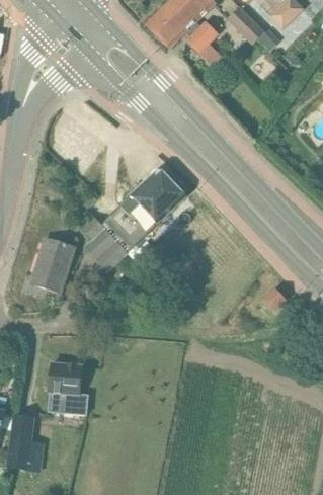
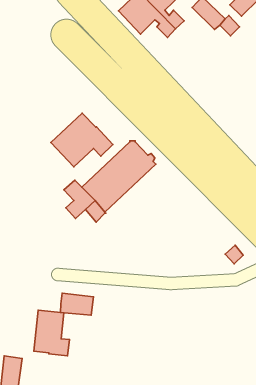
building: none -> [51,113,113,167]
building: [30,237,74,293] -> none
building: none -> [61,293,94,315]

